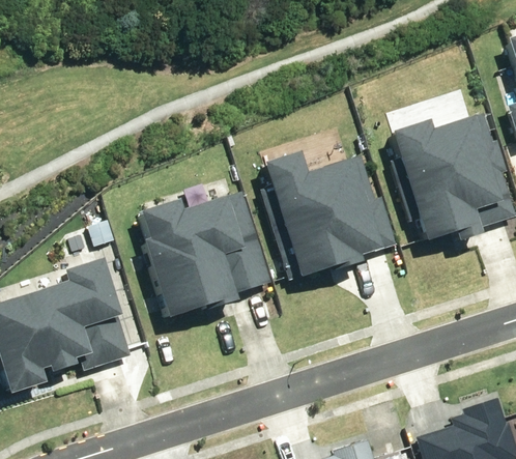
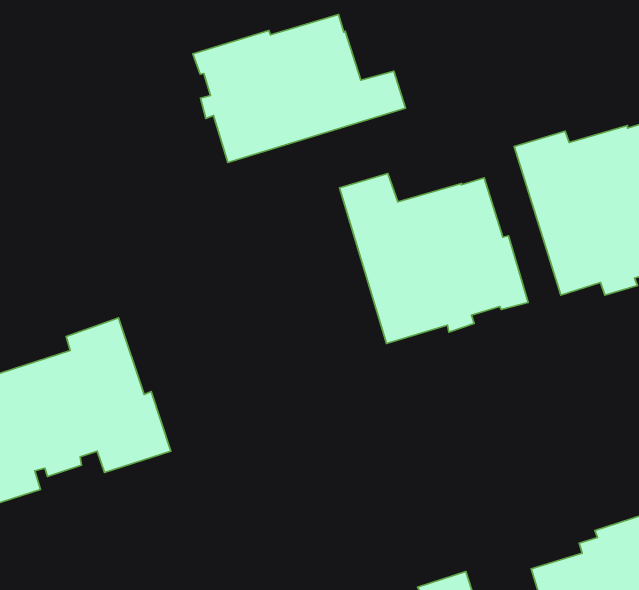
building: none -> [193,14,406,163]
building: [143,191,278,316] -> none

